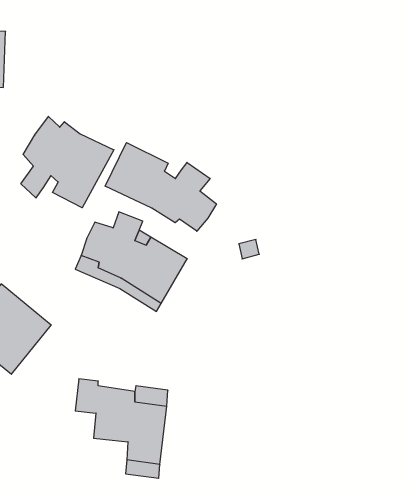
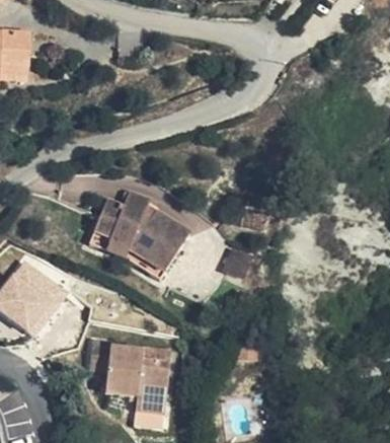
building: [21,116,114,208] -> none
building: [105,143,216,231] -> none

